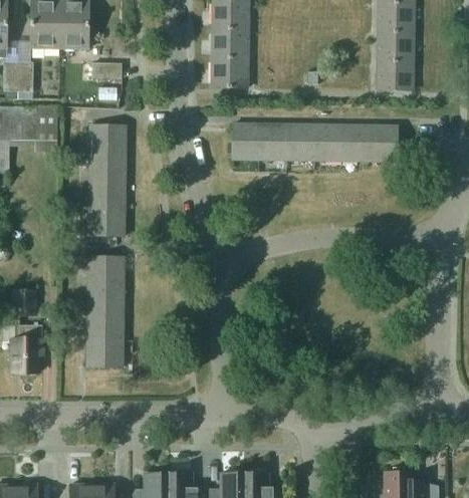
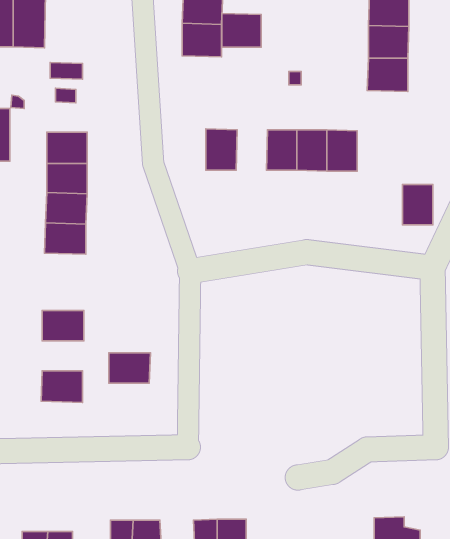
building: [212,58,247,88] -> [222,13,261,47]
building: [260,125,288,161] -> none
building: [369,126,396,162] -> [403,184,433,225]
building: [86,258,125,286] -> none
building: [86,313,124,340] -> [109,353,150,383]

